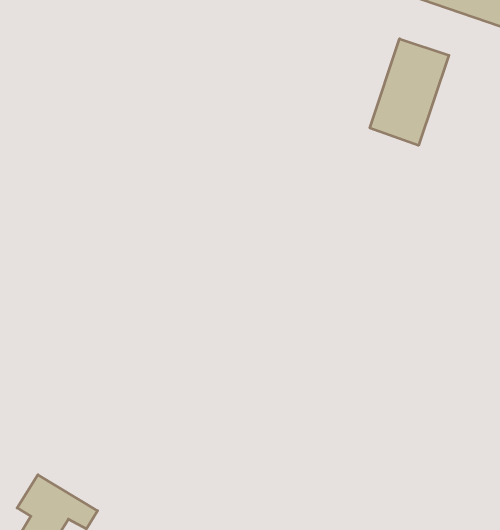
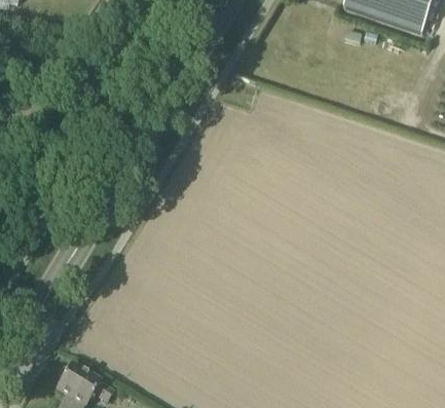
building: [370,39,449,145] -> none

